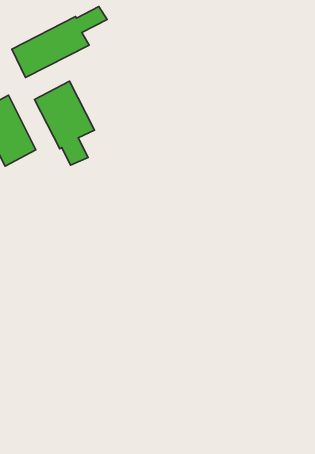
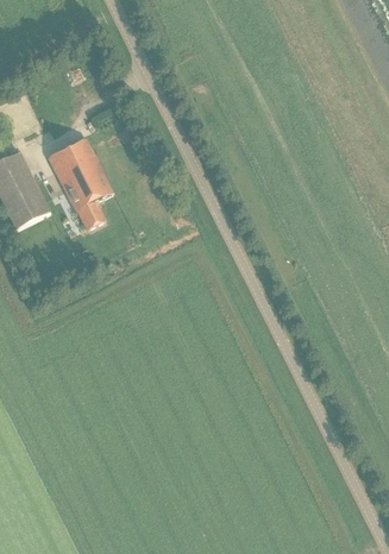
building: [12,7,107,78] -> none

